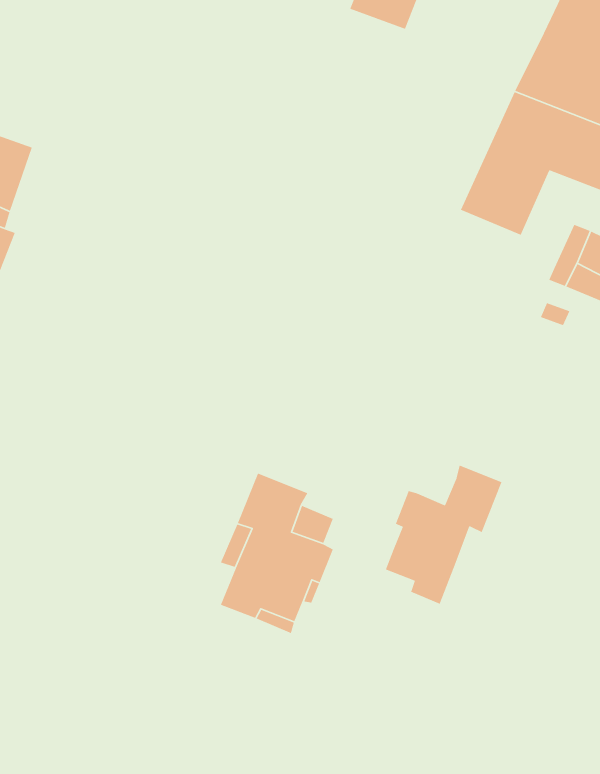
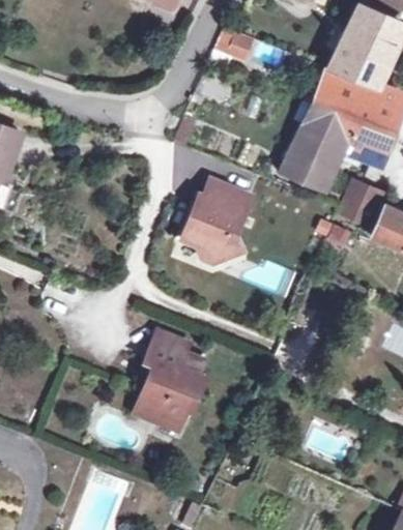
building: none -> [181,180,250,263]
building: [385,465,503,605] -> none

